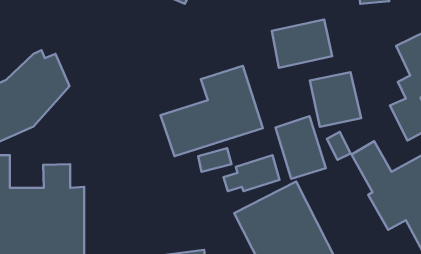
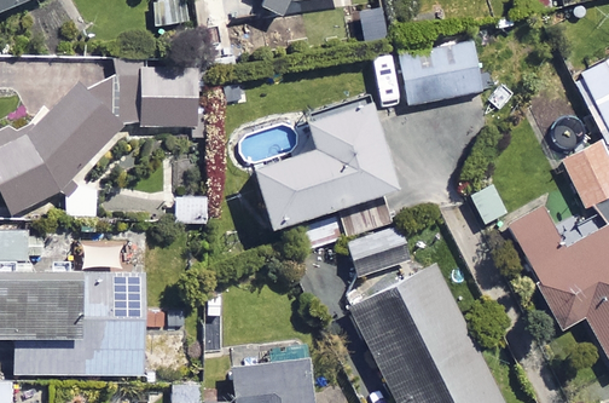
building: none -> [122,69,192,128]
building: [310,72,361,127] -> none
building: [275,116,326,179] -> none

